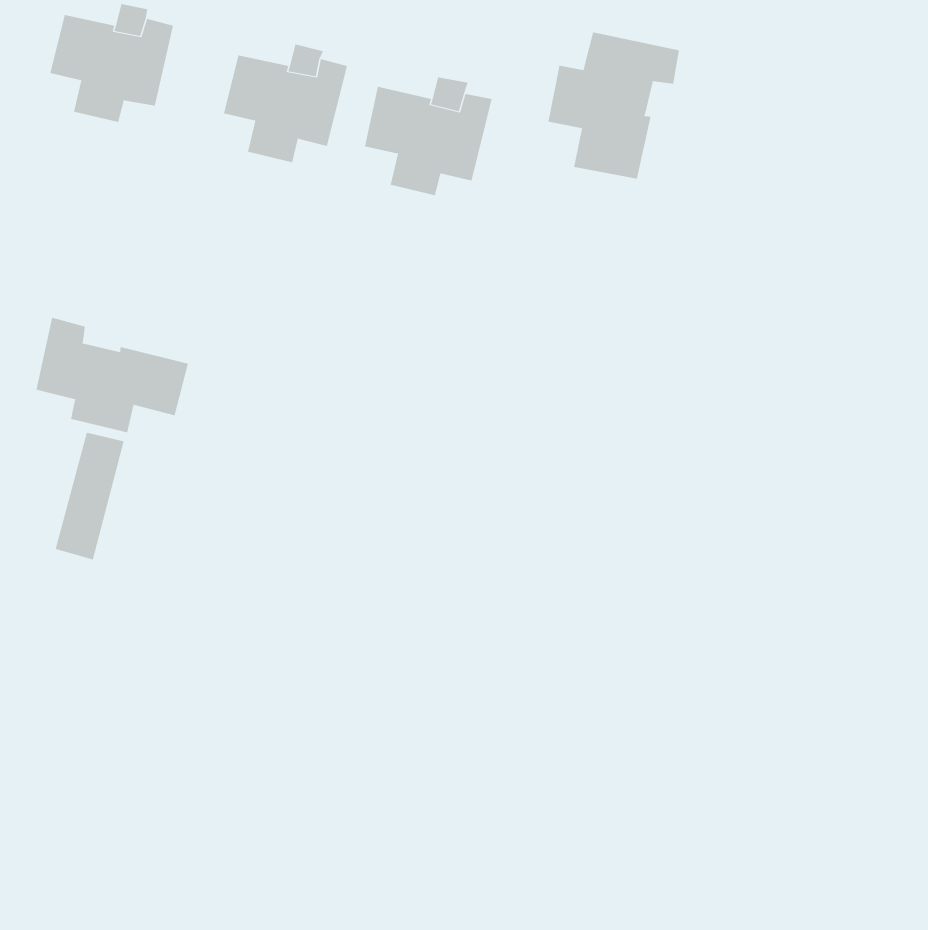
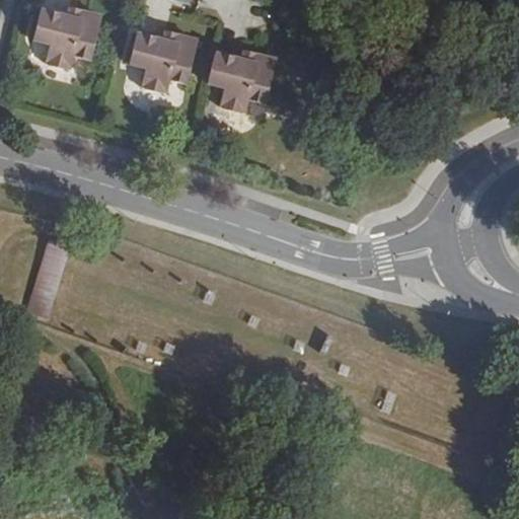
building: [548,31,680,180] -> none
building: [36,317,189,433] -> none

